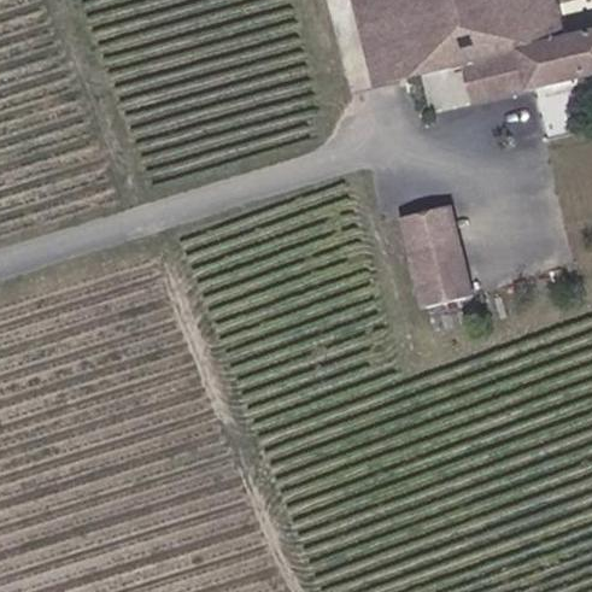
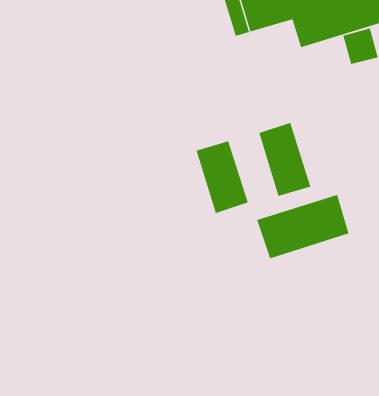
building: none -> [196,140,249,214]
building: none -> [257,194,349,259]

